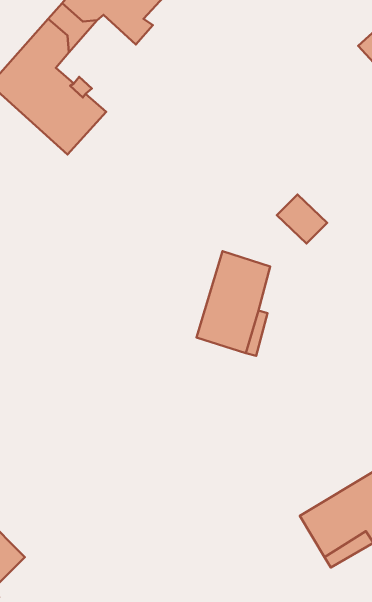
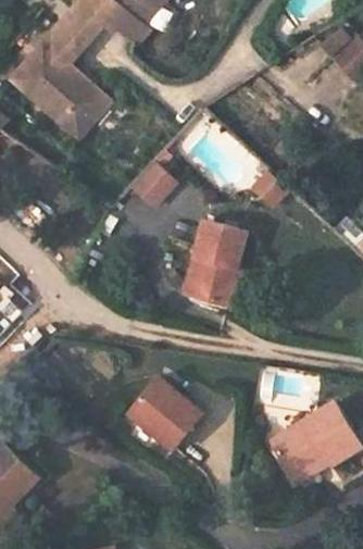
building: none -> [130,159,176,204]
building: none -> [128,376,202,448]

